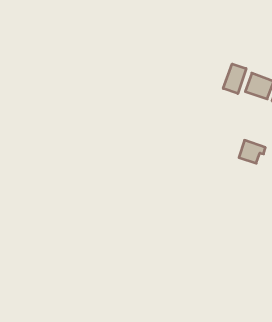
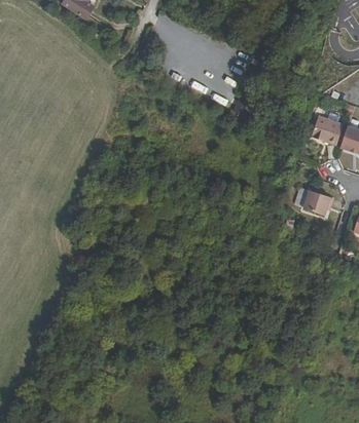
building: [223,64,246,94] -> none

